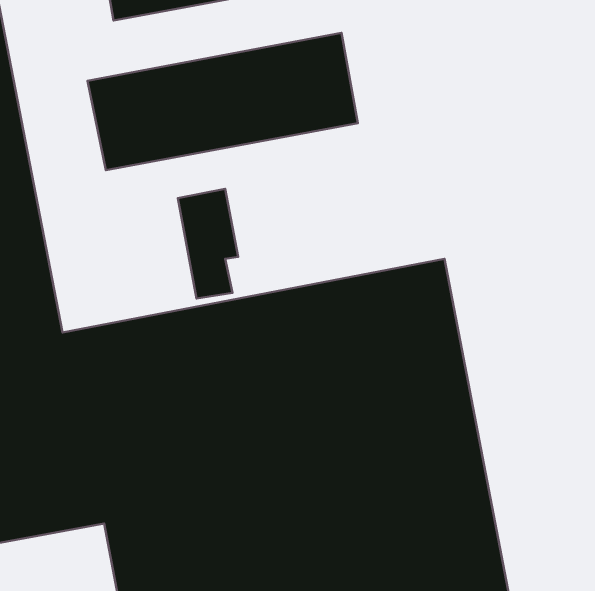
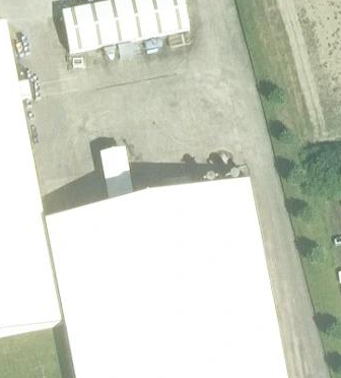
building: [88,33,358,170] -> none

